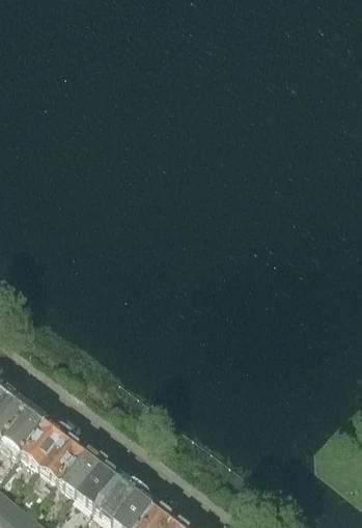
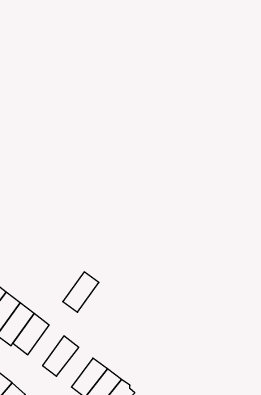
building: [39,435,85,485] -> [63,272,99,312]
building: [76,463,121,512] -> none

